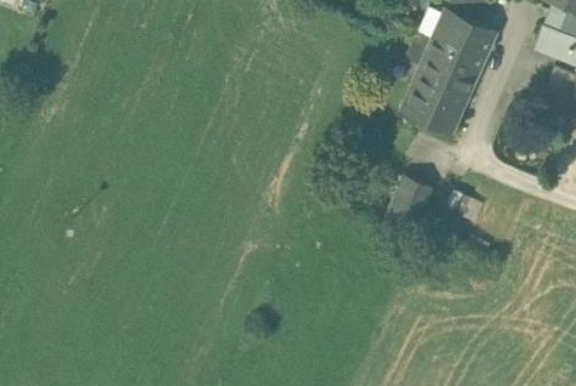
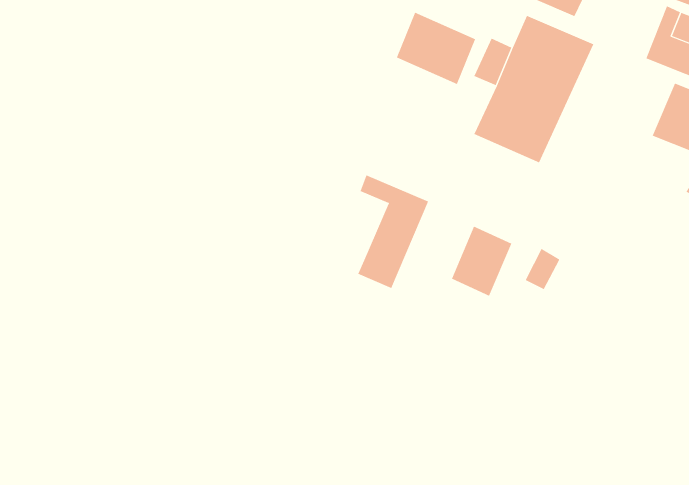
building: none -> [396,12,476,85]
building: none -> [357,174,429,289]

